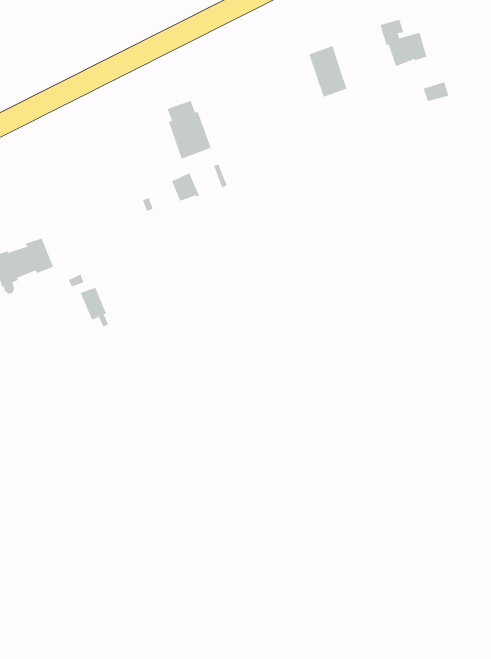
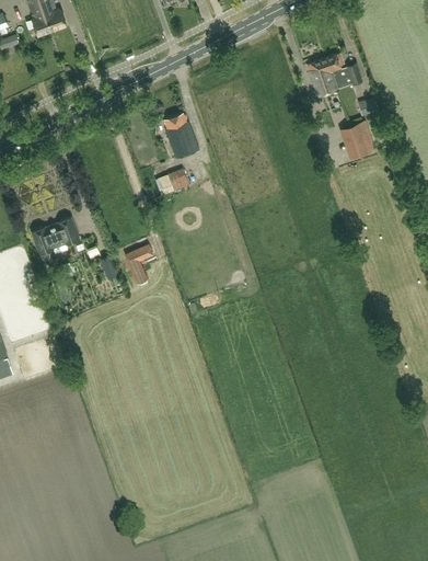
building: [309,45,348,98] -> [308,56,337,95]
building: none -> [340,122,370,158]
building: none -> [126,244,153,284]

